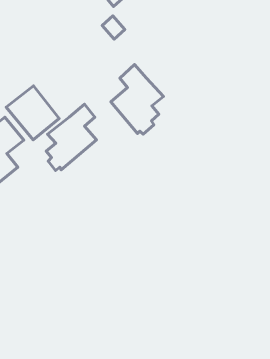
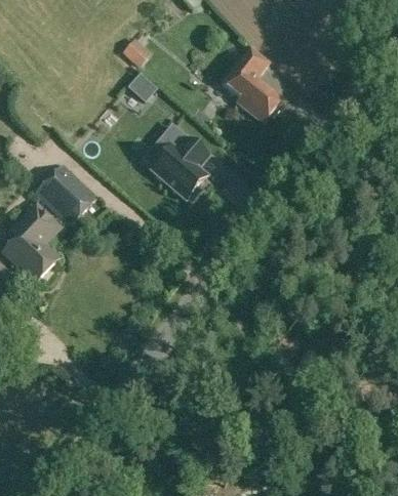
building: none -> [222,46,282,121]
building: [46,104,97,170] -> none

